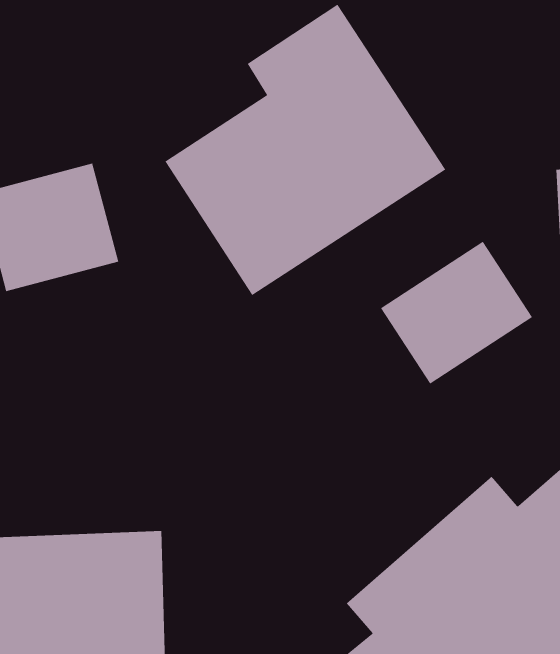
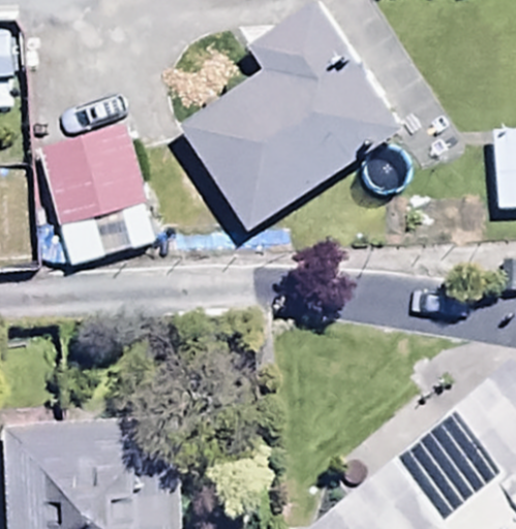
building: [380,241,533,385] -> none

